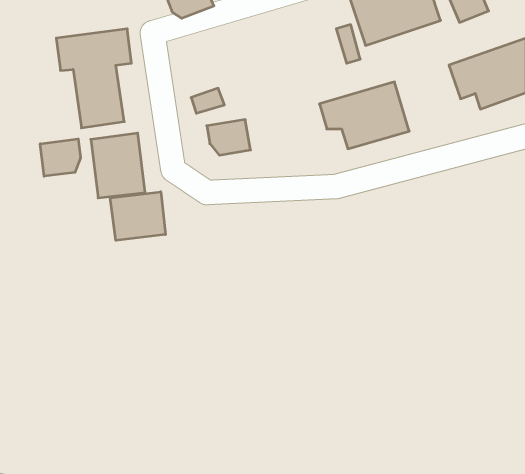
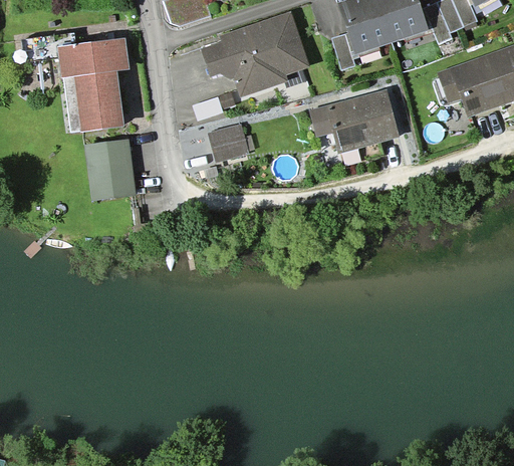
building: none -> [205,14,304,95]
building: [40,139,80,176] -> none
building: [110,192,165,240] -> none

